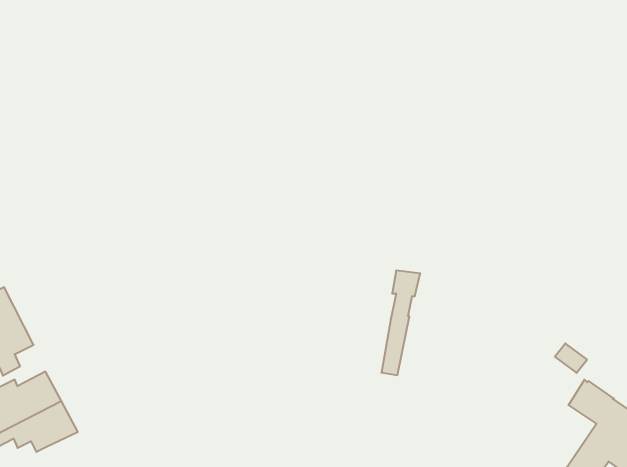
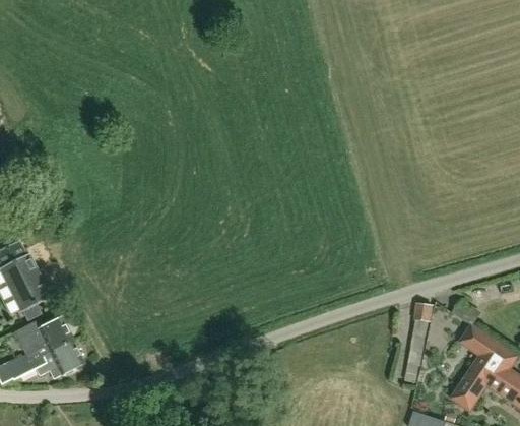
building: [381,271,420,375] -> [404,303,434,382]

